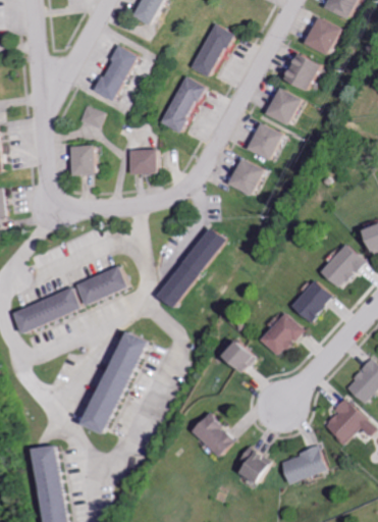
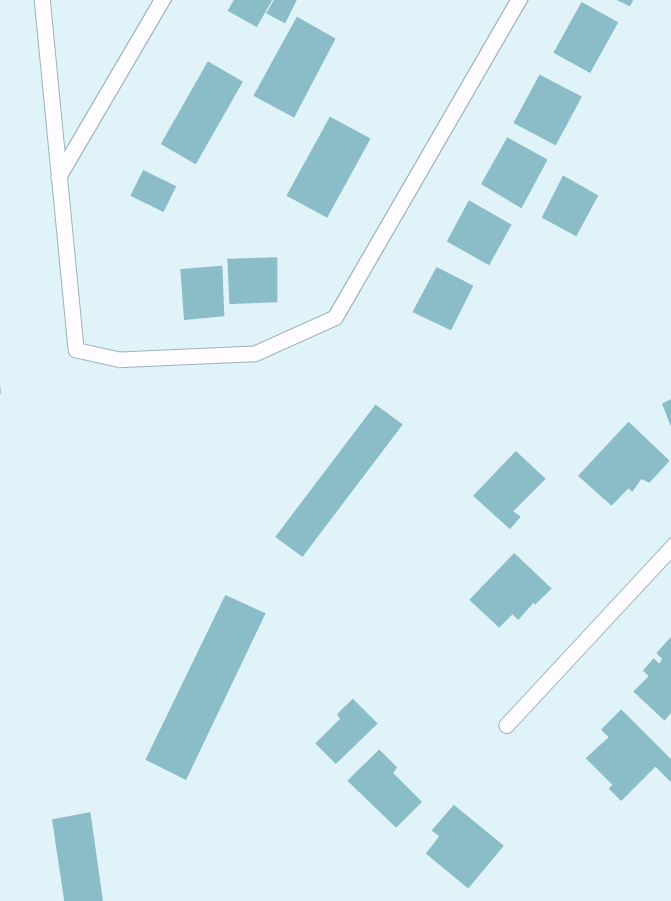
building: [190,22,234,77] -> [253,16,336,119]
building: none -> [541,174,599,237]
building: [71,147,96,176] -> [179,265,225,320]
building: [76,268,128,309] -> none
building: [288,277,328,320] -> [472,450,546,530]
building: [13,288,82,334] -> none
building: [220,340,254,373] -> none
building: none -> [315,698,379,765]
building: [281,441,327,484] -> none

